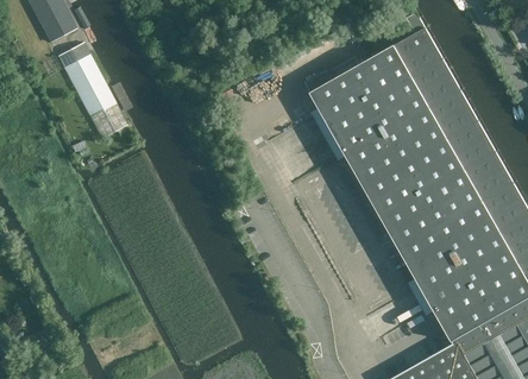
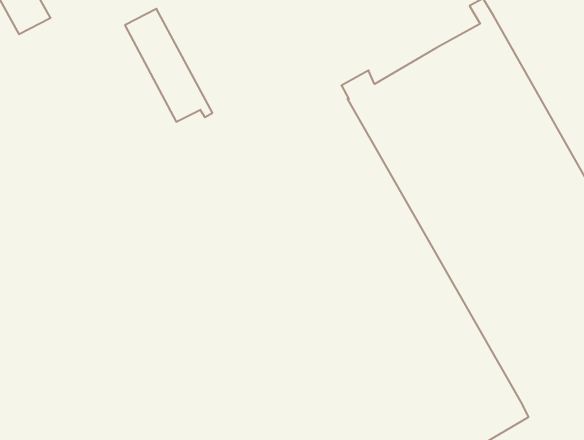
building: [58,44,127,133] -> [125,9,212,122]

